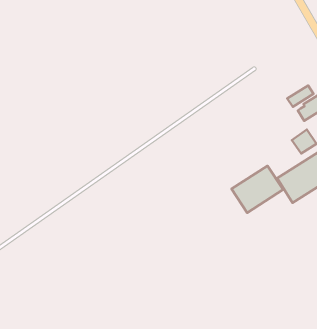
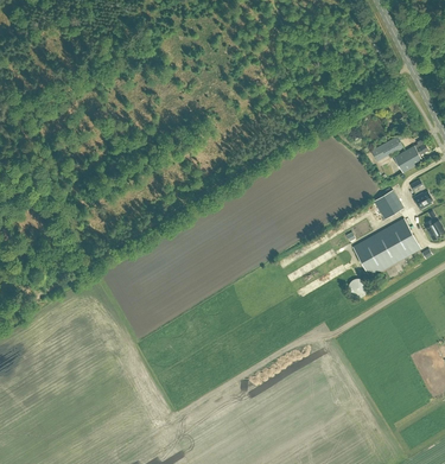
building: [231,166,283,213] -> none

